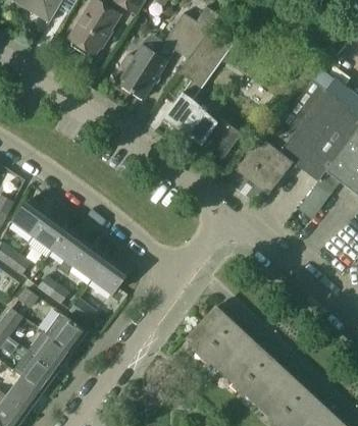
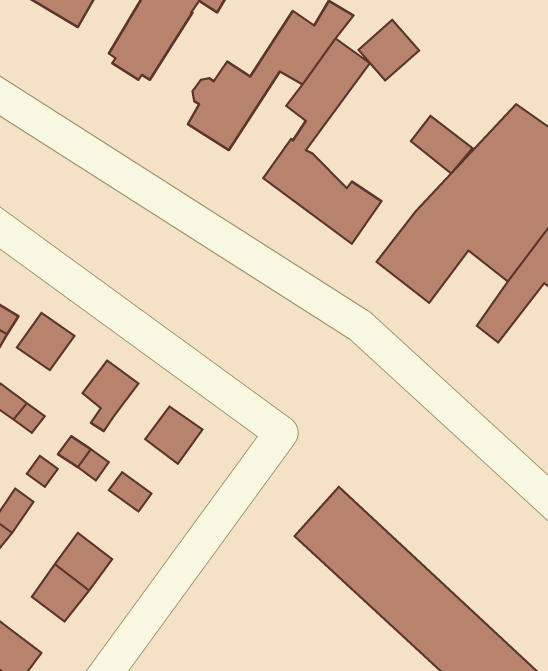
building: none -> [358,20,419,81]
building: none -> [411,116,472,174]
building: [33,214,68,250] -> none
building: [72,244,107,278] -> none
building: [45,313,86,353] -> none
building: [7,376,42,411] -> none

